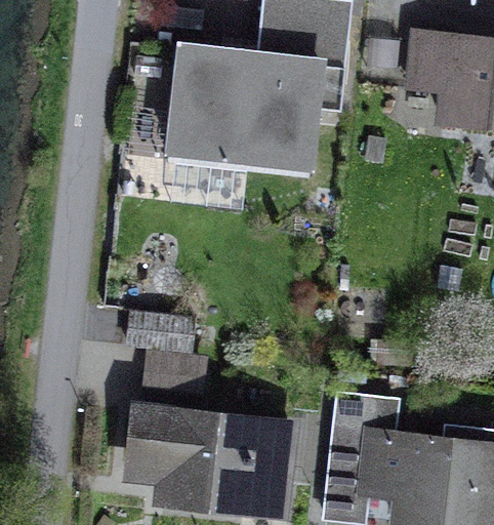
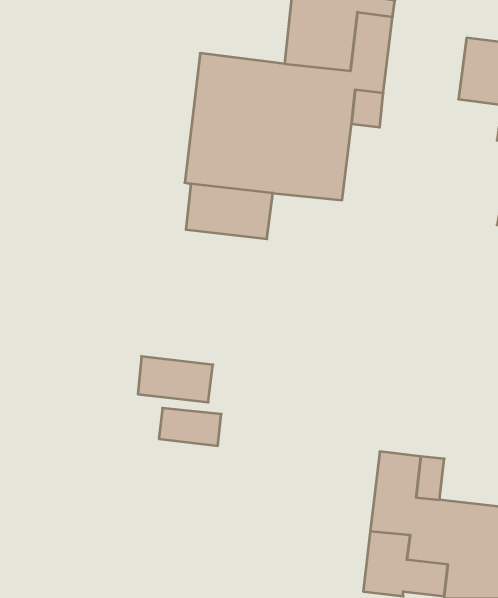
building: [129,408,289,513] -> none

